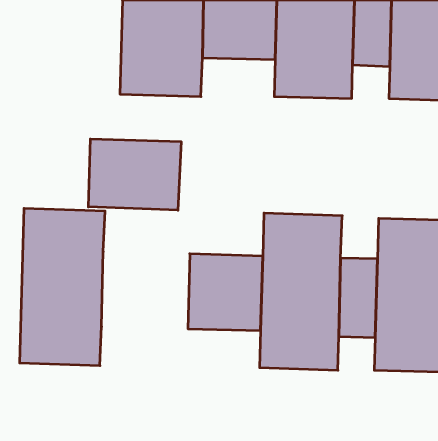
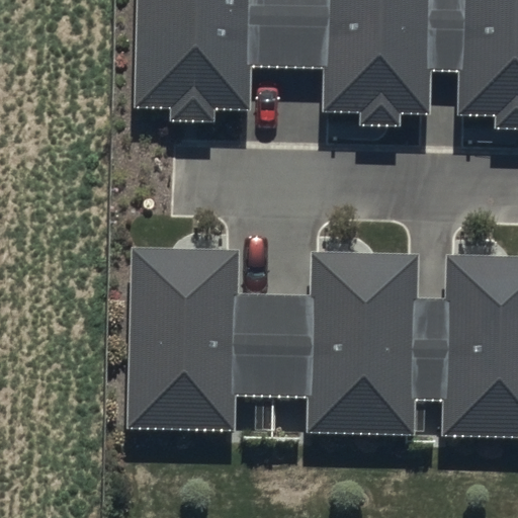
building: [88,139,181,210] -> none
building: [20,208,105,366] -> [127,247,228,431]

